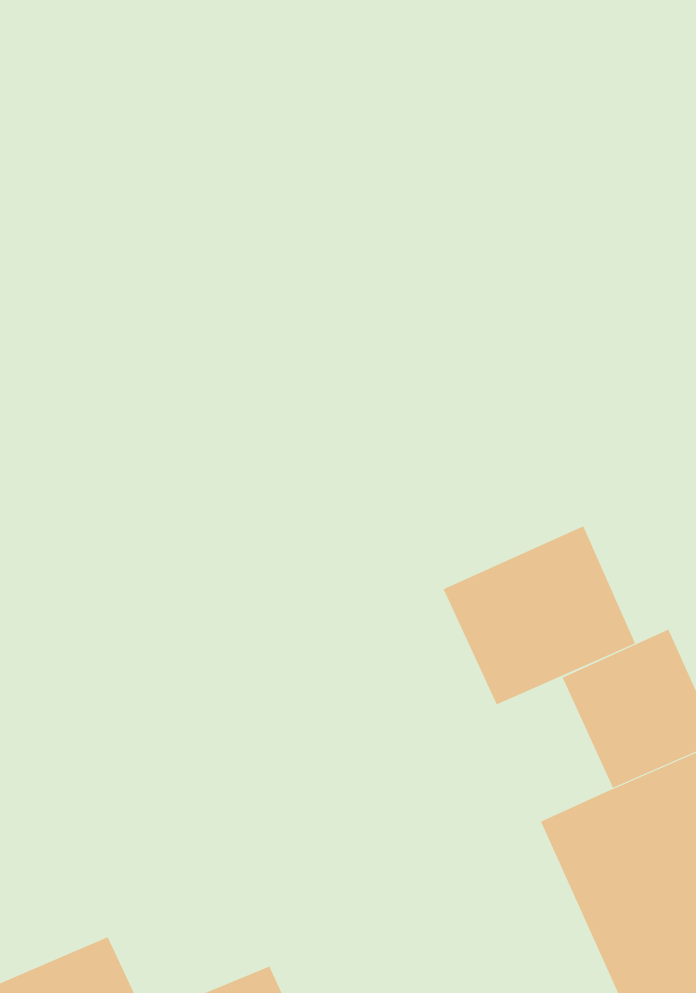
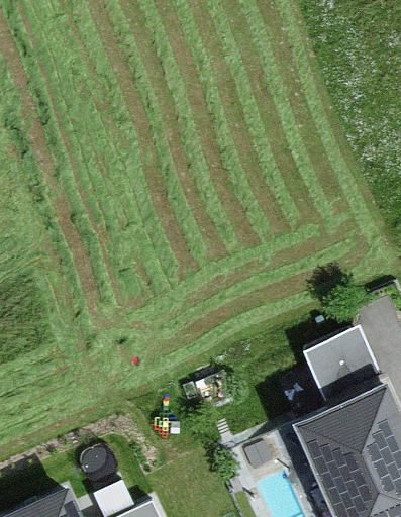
building: [443,526,636,705] -> none

